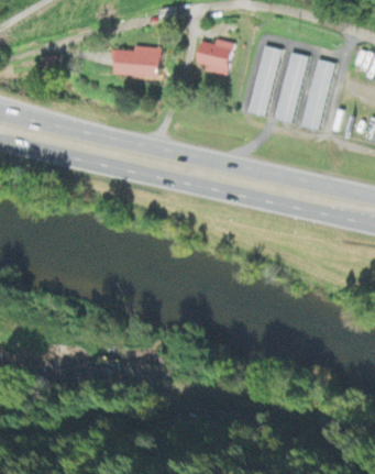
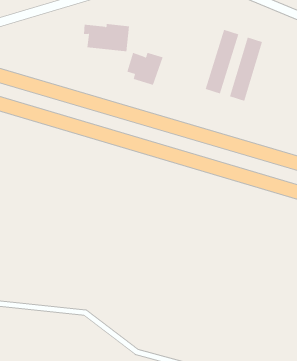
building: [195,40,234,76] -> [126,52,163,86]
building: [302,59,332,130] -> none

